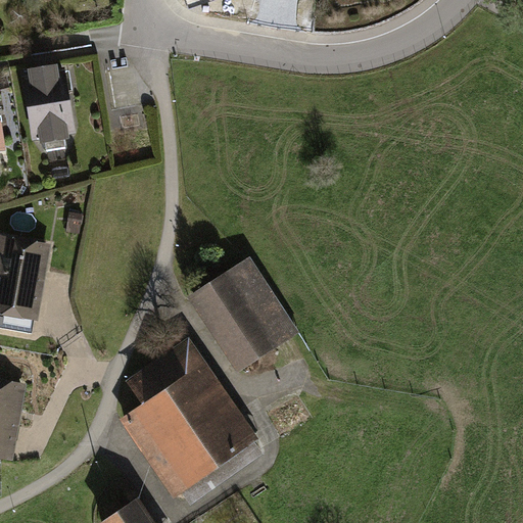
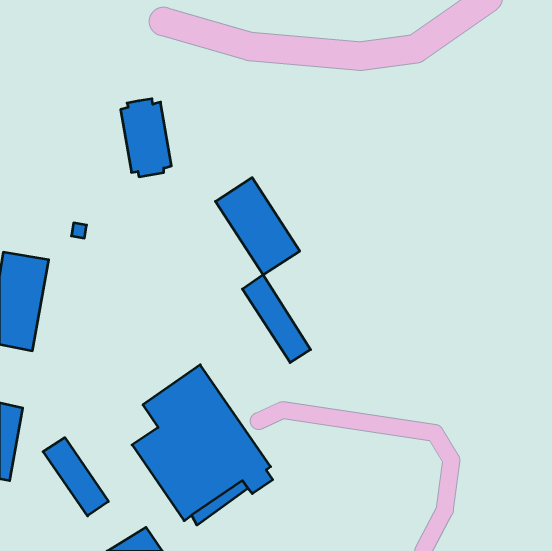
building: [25,65,73,139] -> [121,99,171,177]
building: [194,273,274,365] -> [215,178,300,275]
building: none -> [43,438,108,516]

